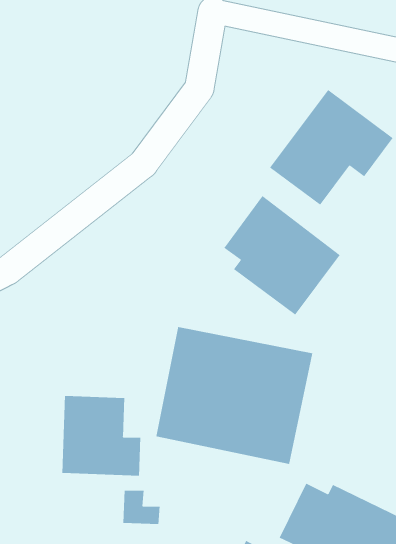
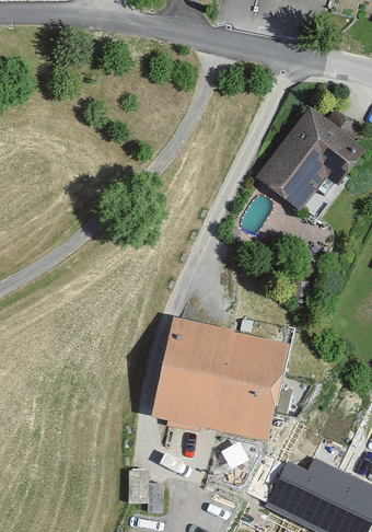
building: [223,195,340,315] -> none
building: [62,395,141,477] -> none

